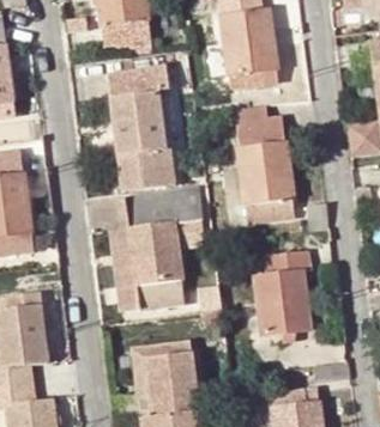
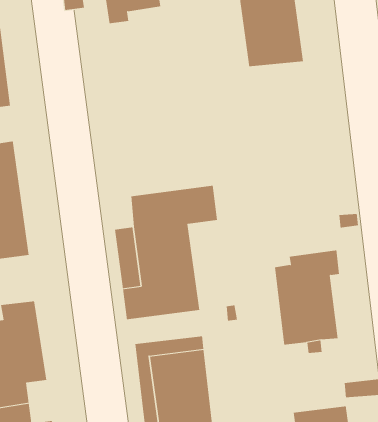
building: [108,68,175,190] -> none
building: [231,104,295,216] -> none

